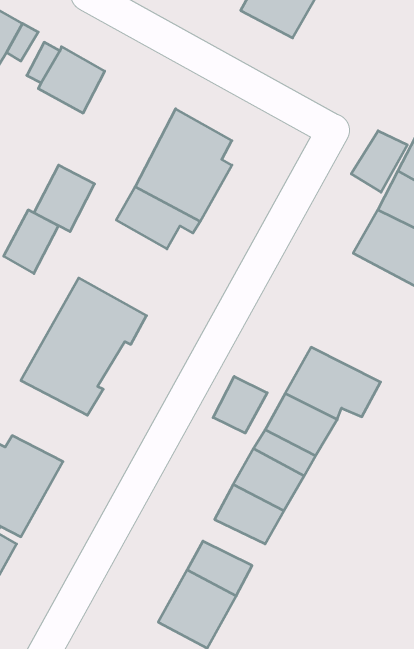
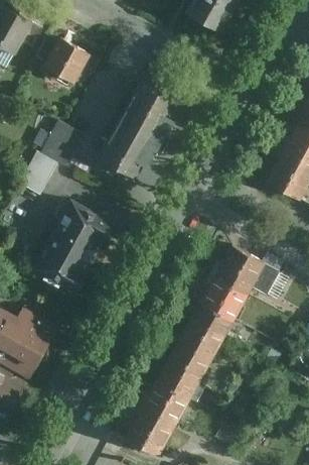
building: [351,131,407,192] -> none
building: [213,376,267,433] -> none
building: none -> [158,366,201,398]

